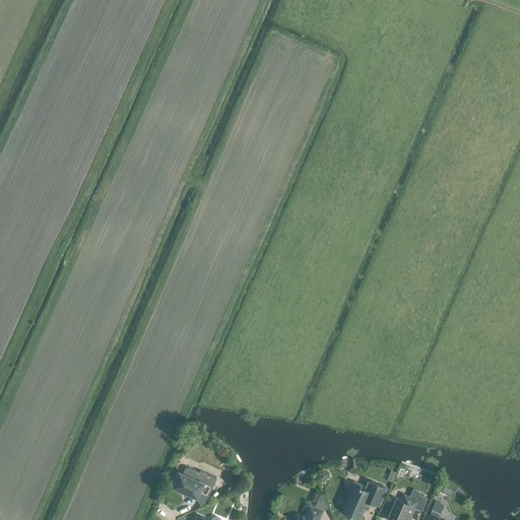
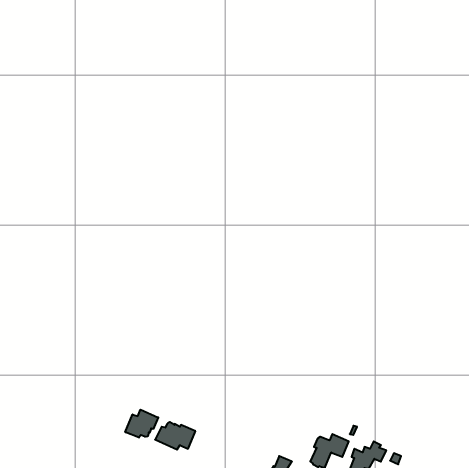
building: none -> [125,410,158,438]

